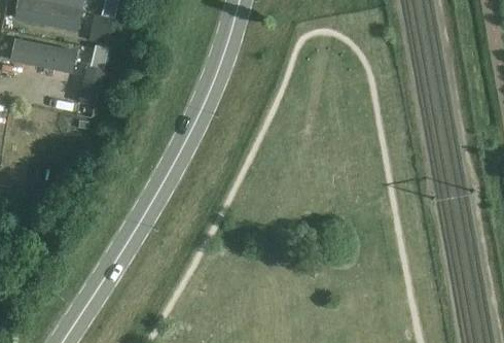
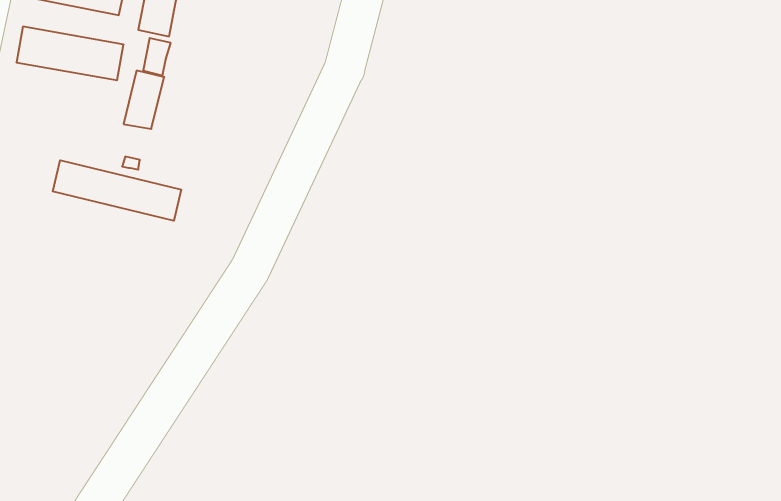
building: none -> [53,160,181,221]

